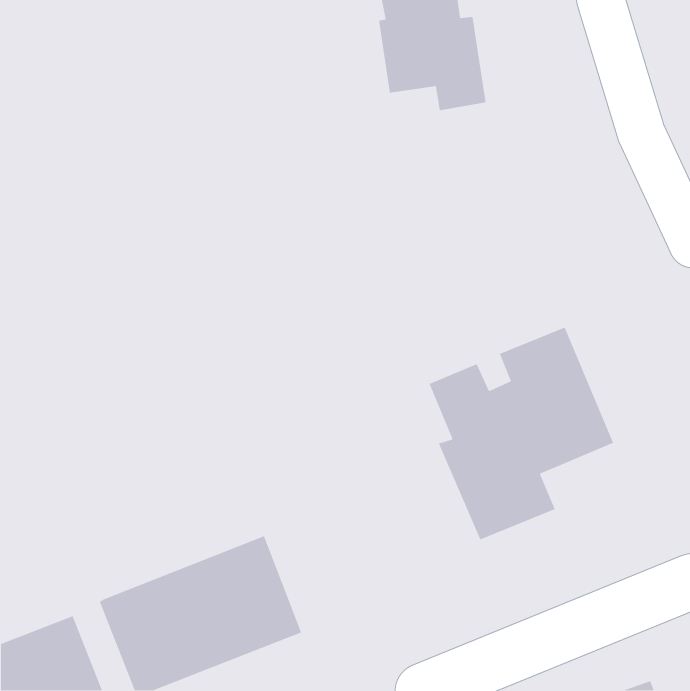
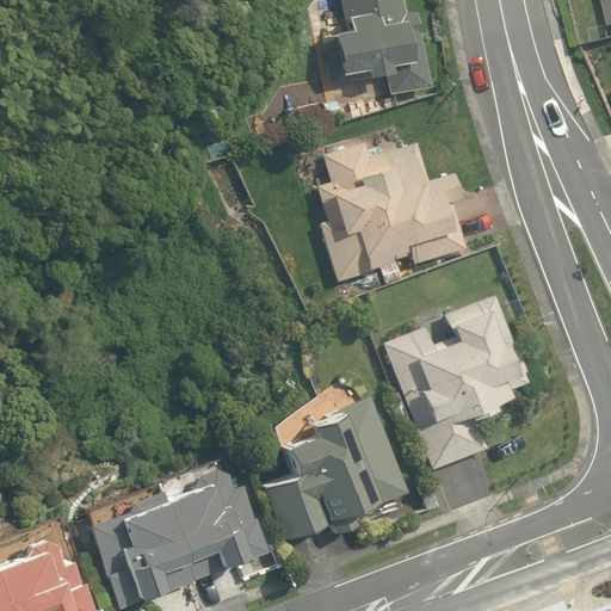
building: none -> [313,132,483,282]
building: none -> [260,402,408,544]

